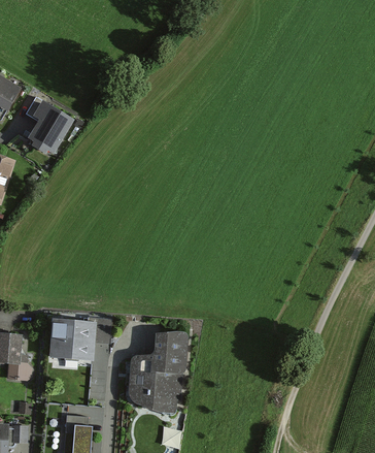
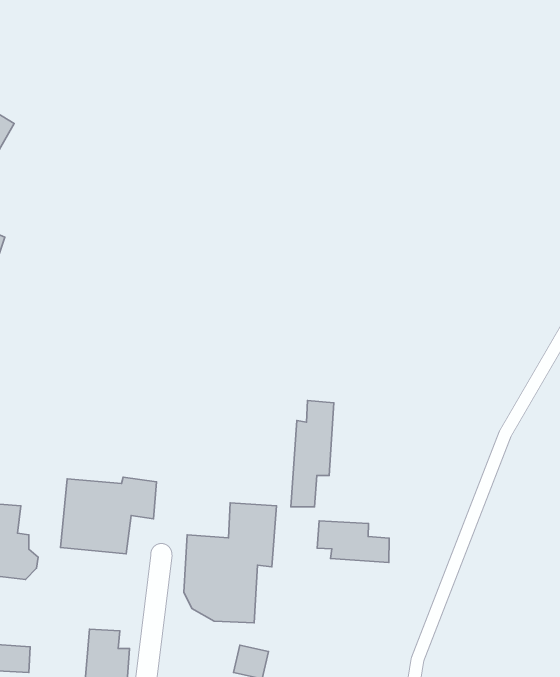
building: [27,98,74,156] -> none
building: none -> [291,400,334,507]
building: none -> [317,521,389,563]

